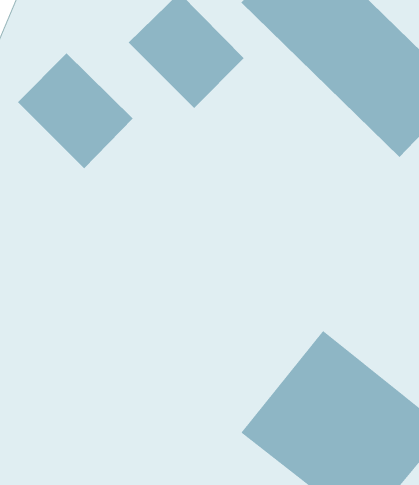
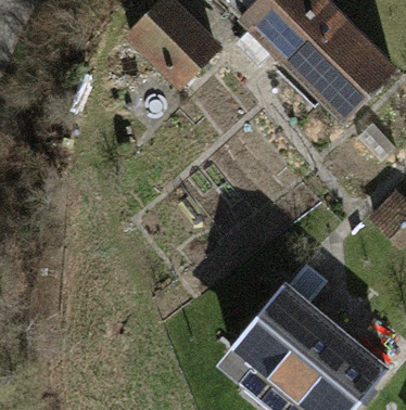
building: [17,53,134,169] -> none

